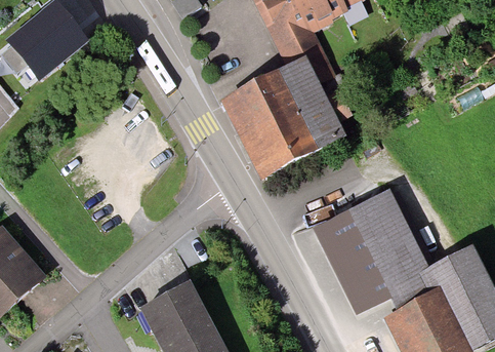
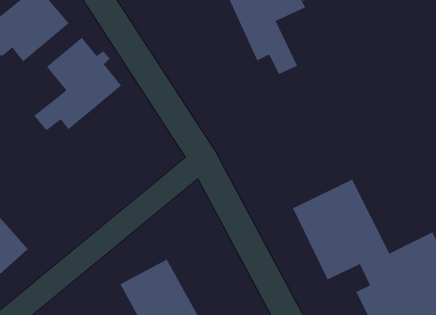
building: none -> [34,37,122,131]
building: [223,68,336,185] -> none

